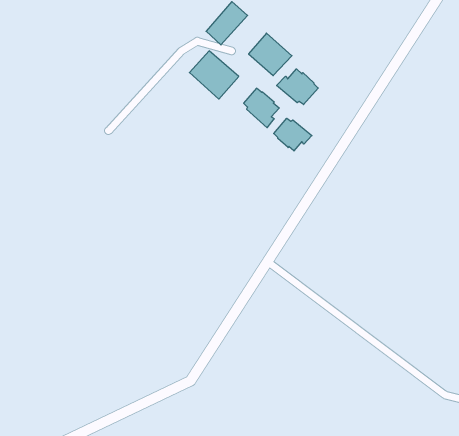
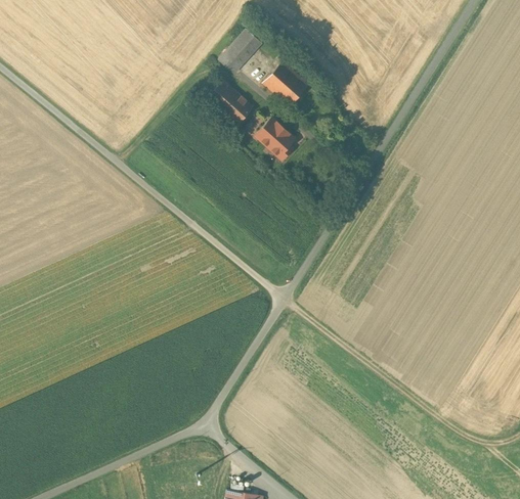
building: [277,69,318,105] -> none
building: [274,118,312,151] -> none

